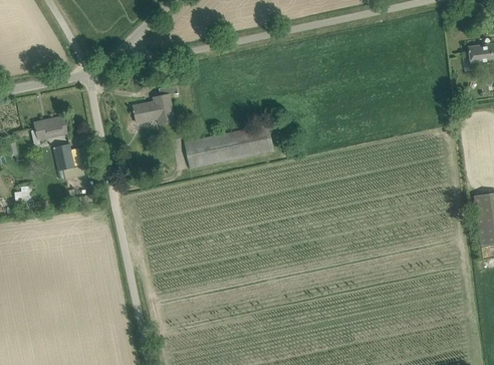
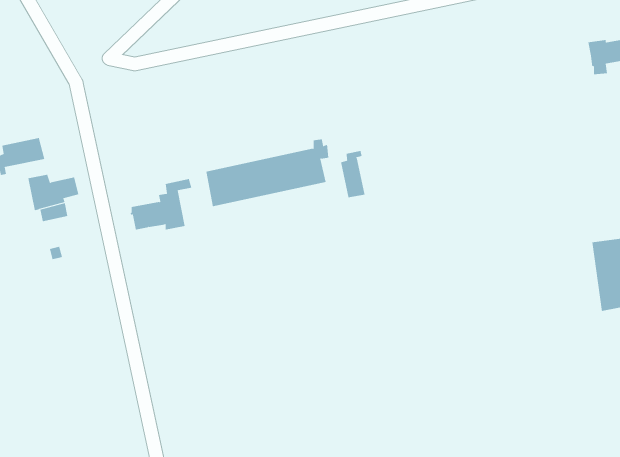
building: [132,84,178,122] -> [130,178,192,230]
building: none -> [340,150,365,198]

